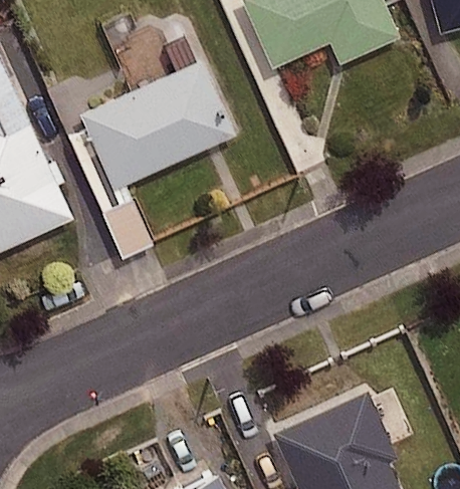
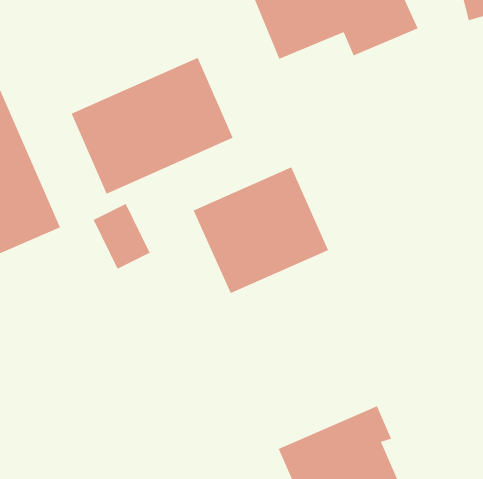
building: none -> [193,166,329,294]

